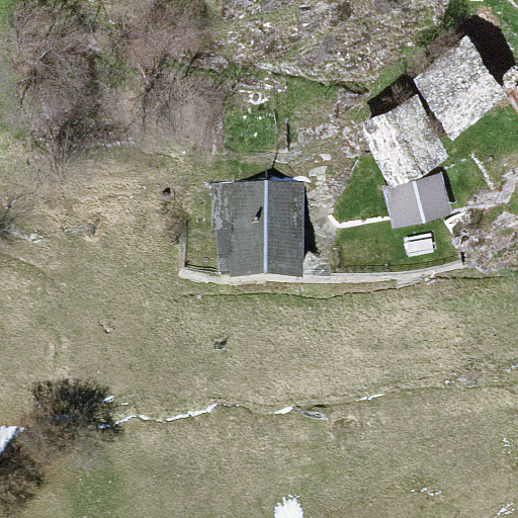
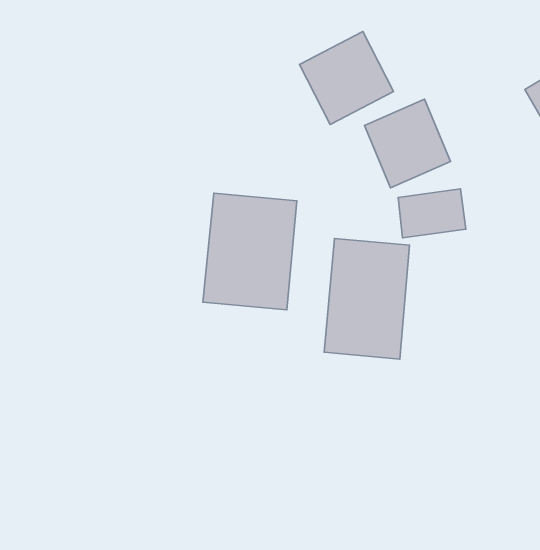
building: [414,38,501,124] -> [300,32,393,124]
building: none -> [324,239,409,359]

